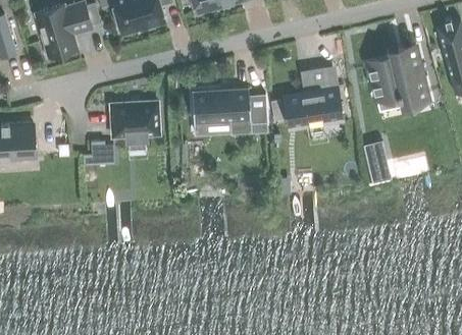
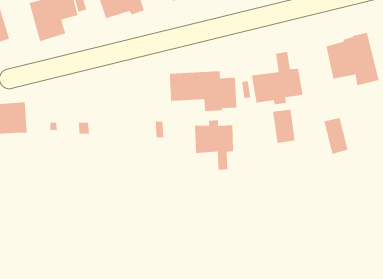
building: [110,102,159,139] -> none
building: none -> [272,109,295,144]
building: none -> [194,120,235,170]

